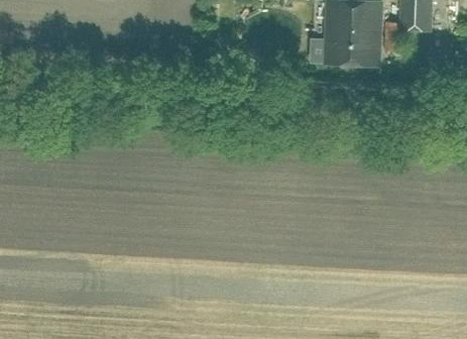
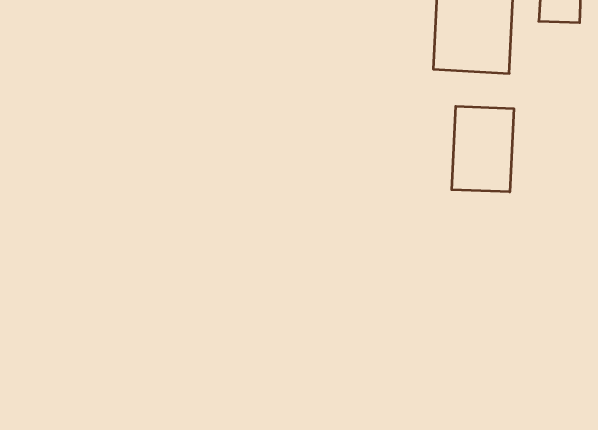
building: none -> [452,106,514,192]

